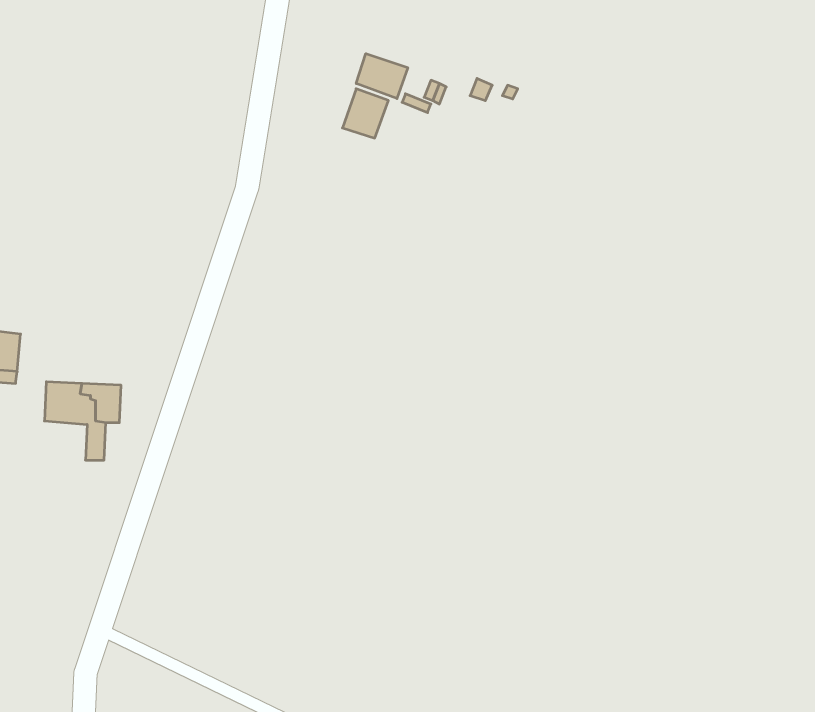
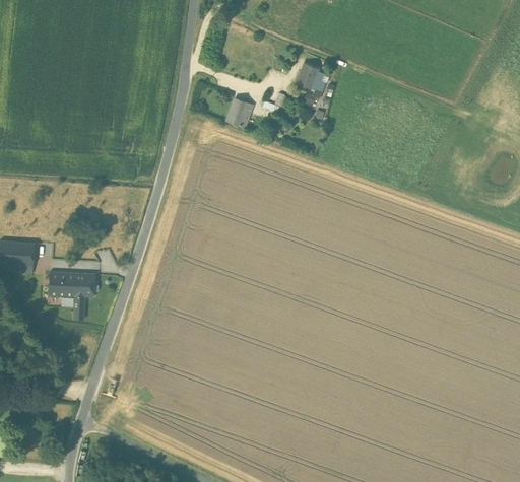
building: none -> [296,61,325,89]
building: [356,54,408,99] -> none

